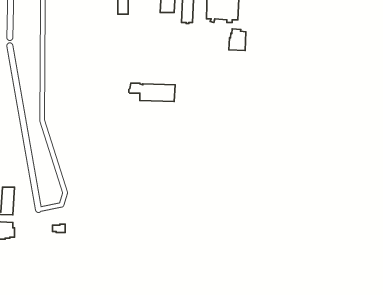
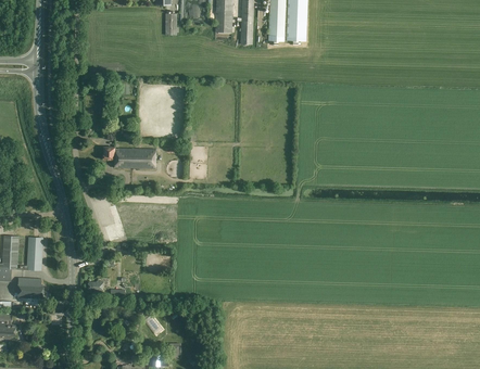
building: [229,29,246,50] -> none
building: [129,83,175,102] -> [102,147,156,168]

